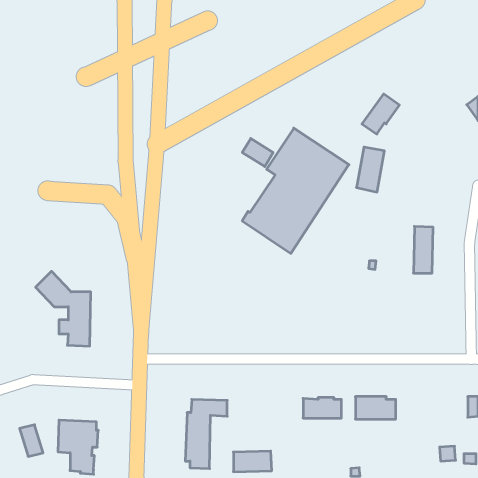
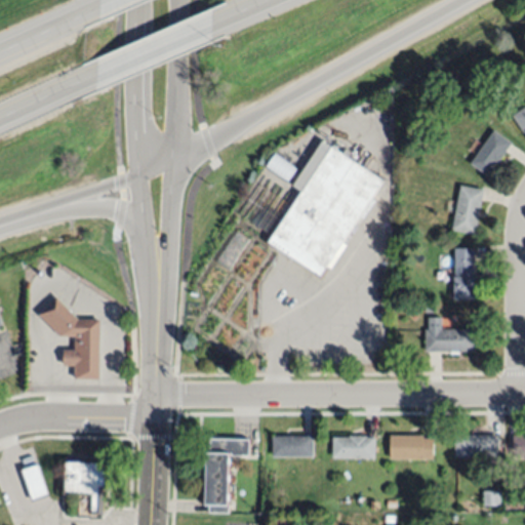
building: [362,94,399,134] -> [471,131,512,175]
building: [356,147,384,192] -> [452,186,483,235]
building: none -> [425,315,477,353]
building: none -> [454,435,498,457]
building: [233,451,272,472] -> [272,435,314,457]

